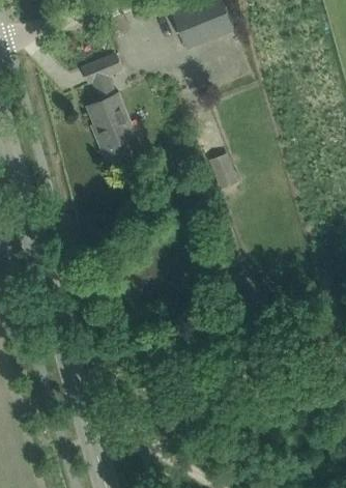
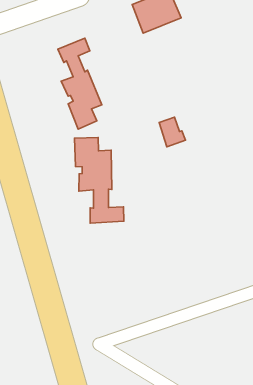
building: none -> [75,137,124,223]

